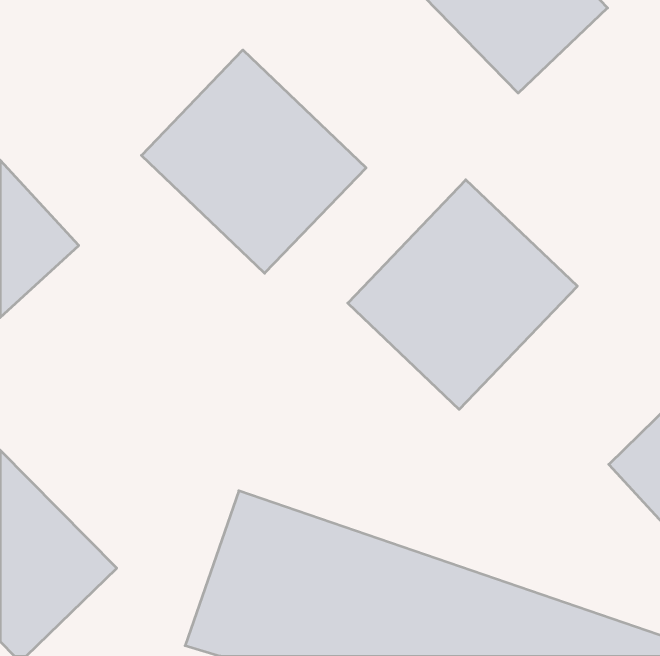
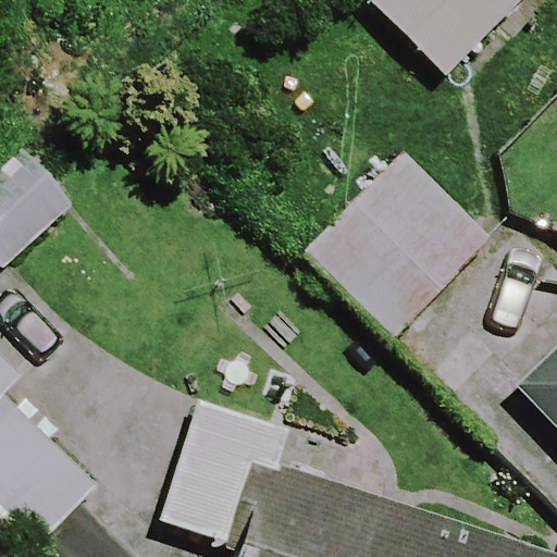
building: [141,50,366,273] -> none

